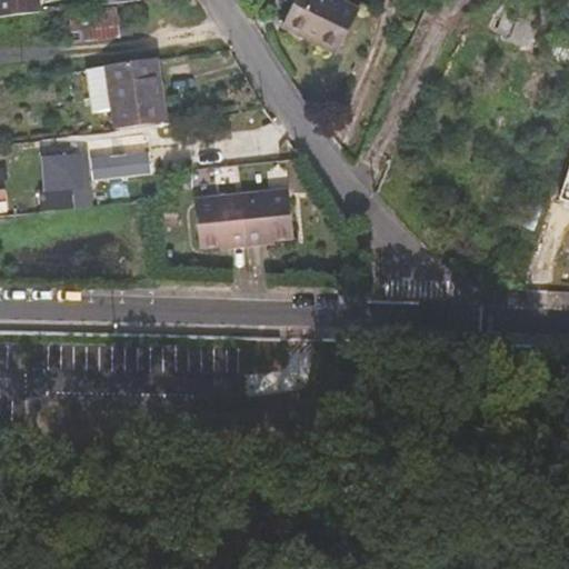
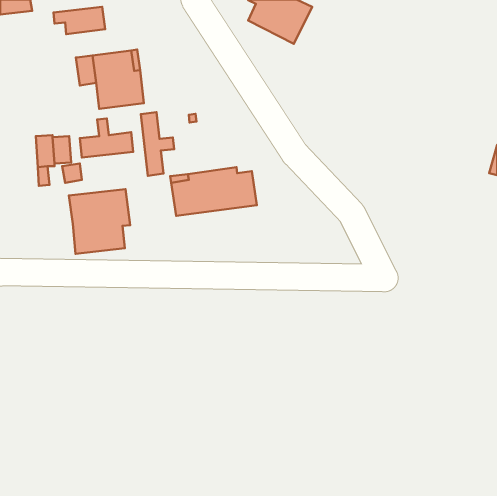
building: none -> [141,112,174,176]
building: none -> [69,189,130,254]

